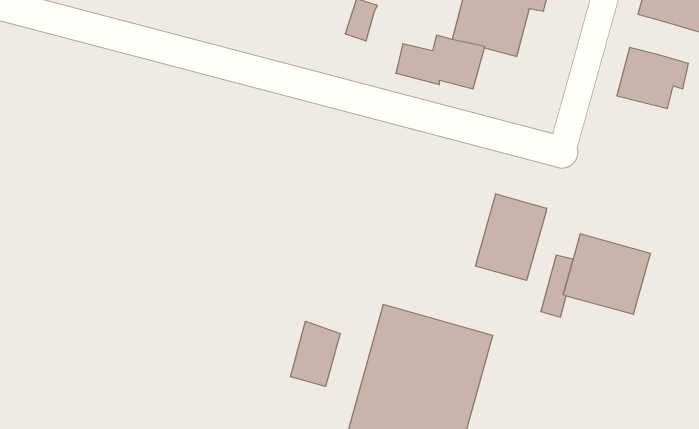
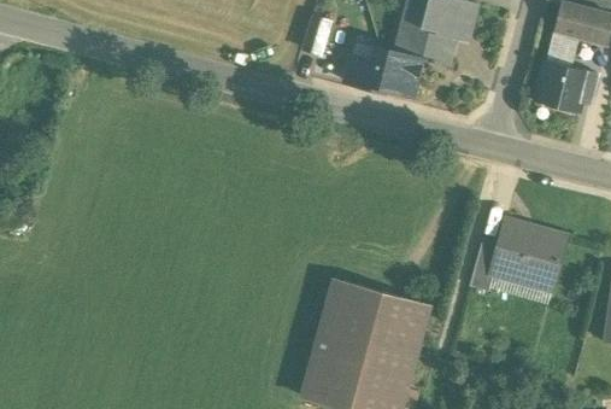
building: none -> [547,30,578,65]
building: [476,194,547,280] -> none
building: [290,321,340,386] -> none

